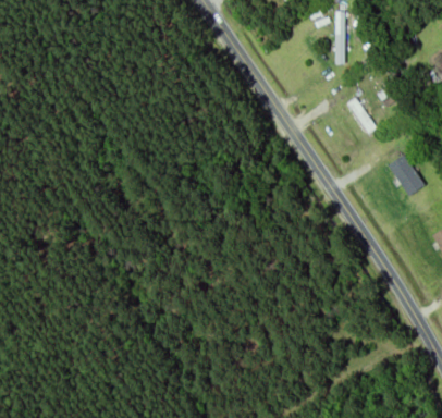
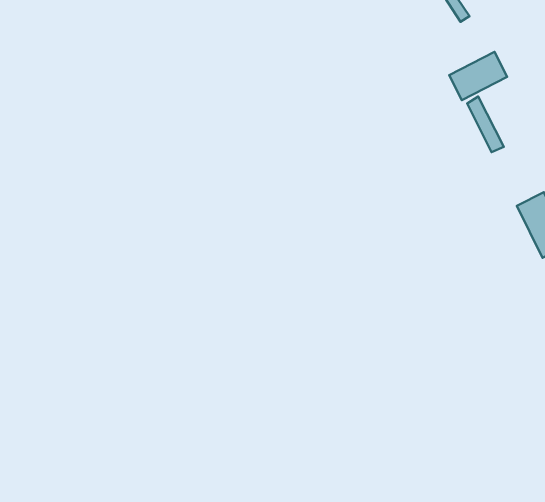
building: none -> [449,52,507,100]

